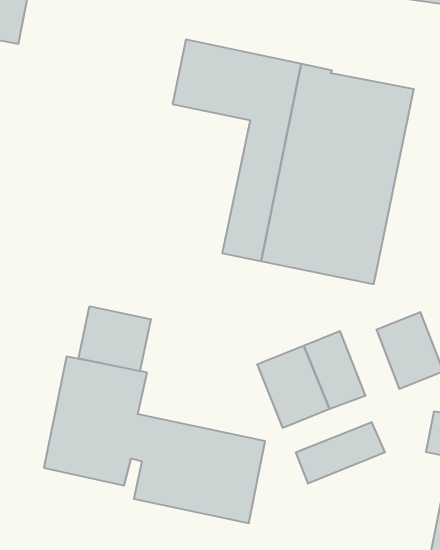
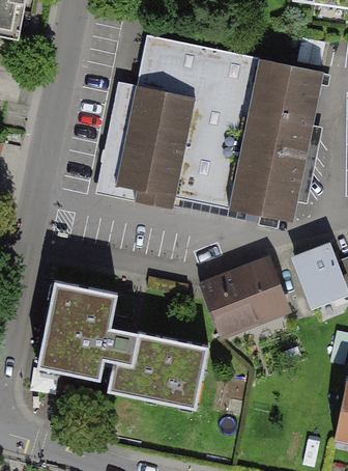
building: none -> [95,81,197,211]
building: [79,306,151,371] -> none
building: [296,422,385,484] -> none

